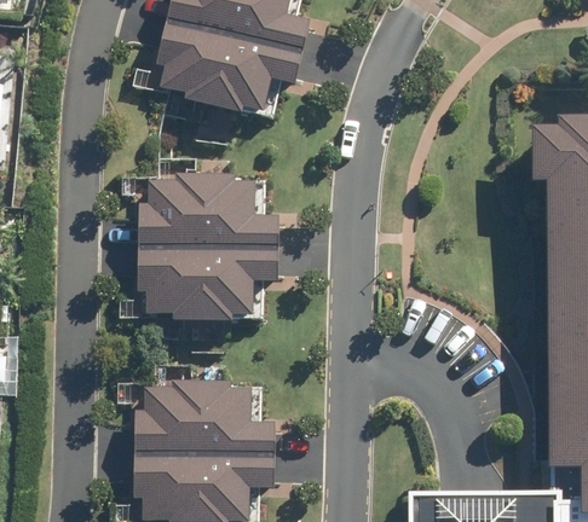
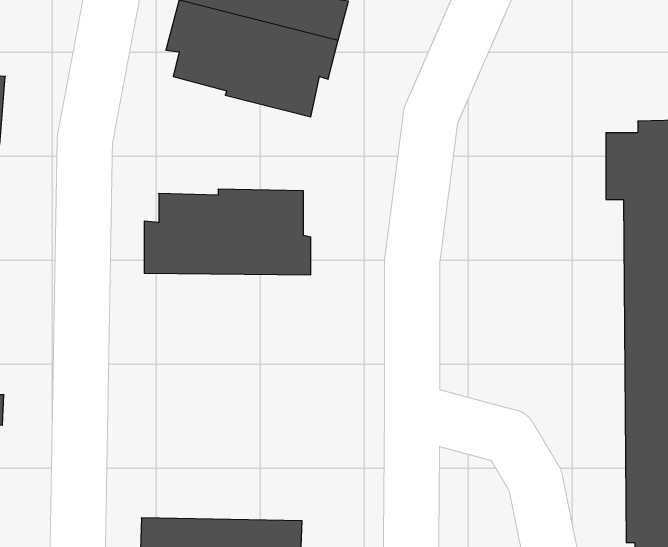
building: [137,246,277,317] -> none
building: [136,381,271,453] -> none

